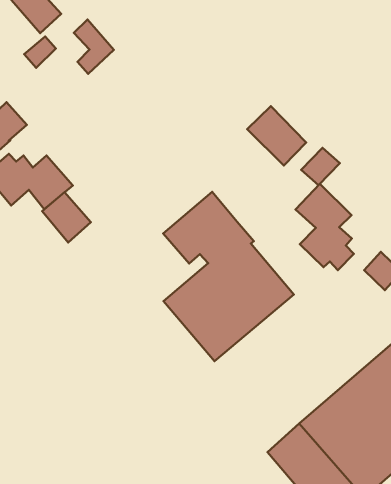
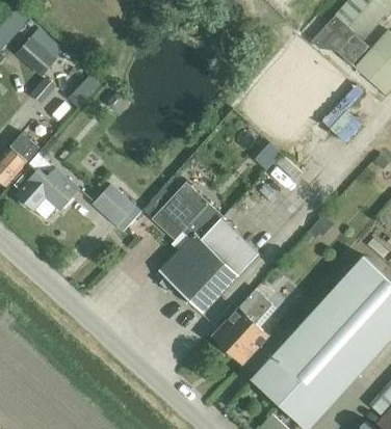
building: [247,106,306,165] -> none
building: [295,184,354,270] -> none
building: [42,192,91,243] -> [95,188,133,226]
building: none -> [211,291,271,366]

